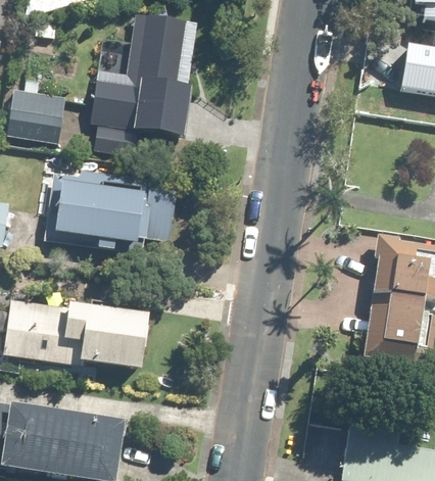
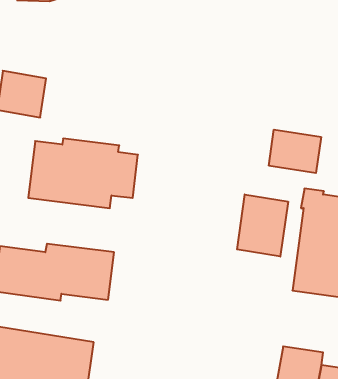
building: [90,15,198,136] -> none
building: none -> [269,130,321,173]
building: none -> [237,194,288,257]

